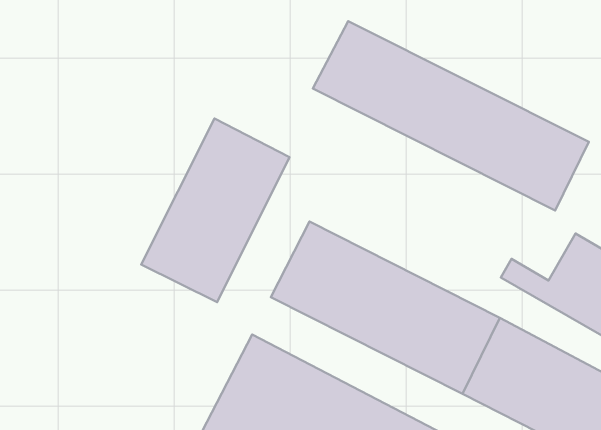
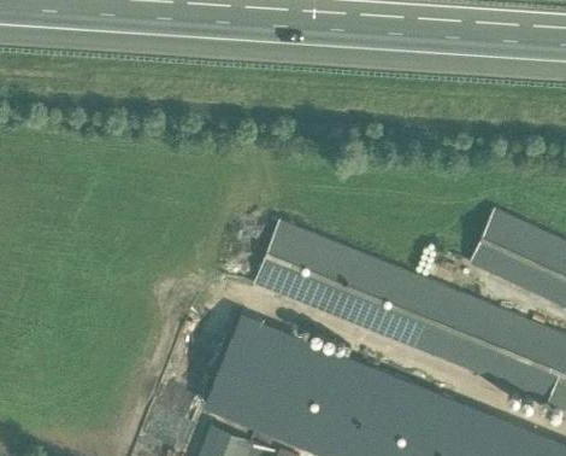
building: [313,21,589,211] -> none
building: [141,119,290,302] -> none

